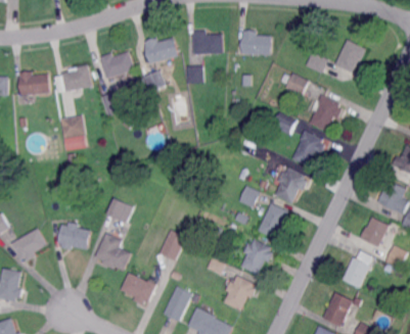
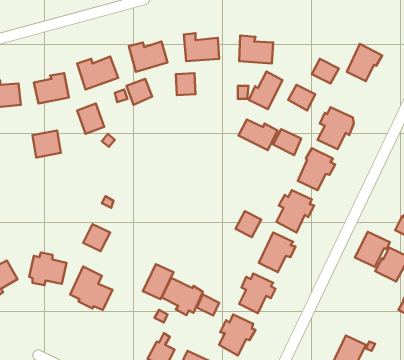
building: none -> [249,71,282,109]
building: none -> [239,120,277,150]
building: [341,256,372,287] -> [355,232,390,267]
building: [121,272,156,304] -> [162,278,203,315]

